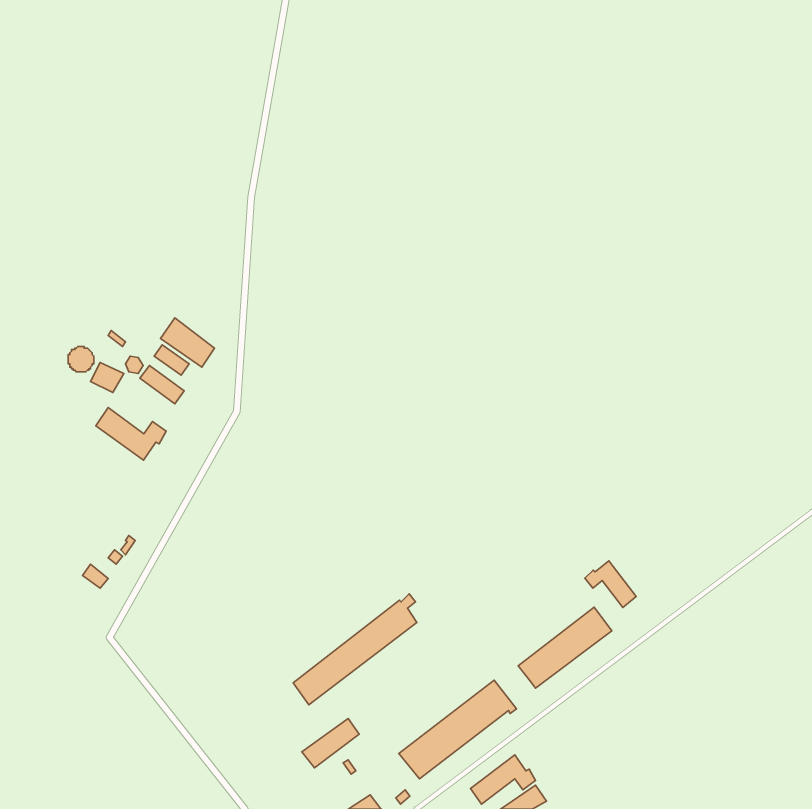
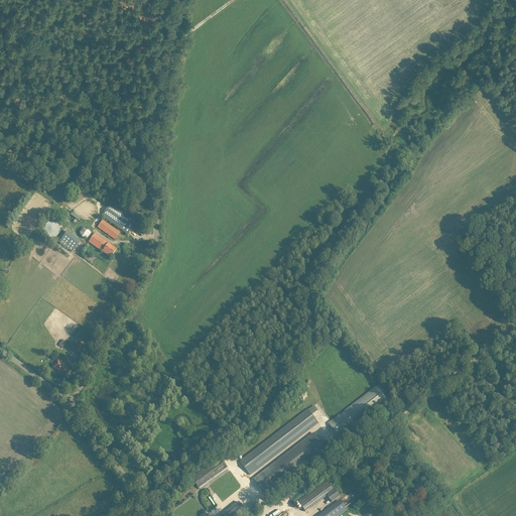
building: [96,408,166,460] -> none
building: [585,561,636,608] -> none
building: [293,594,417,705] -> [240,403,318,474]

